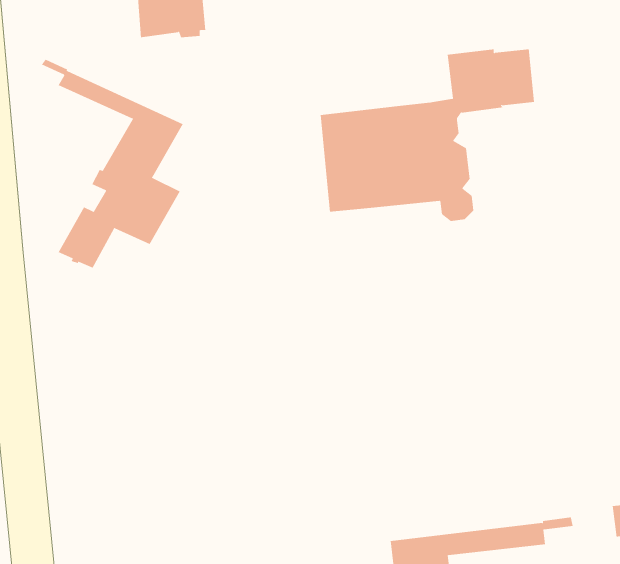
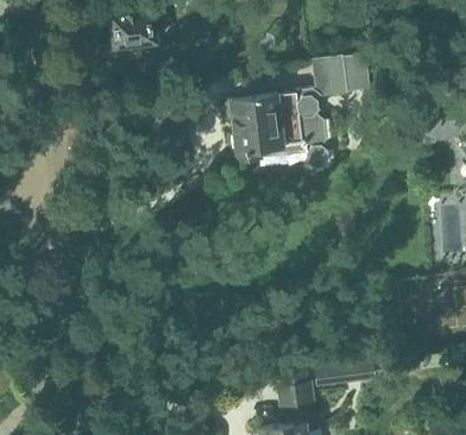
building: [41,59,184,269] -> none

